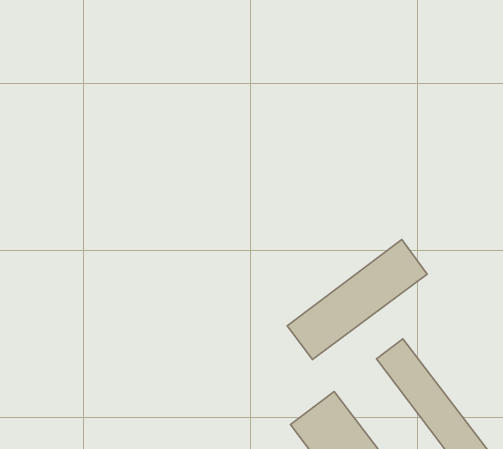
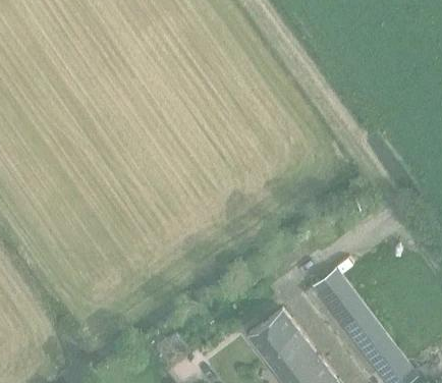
building: [287,239,427,359] -> none

